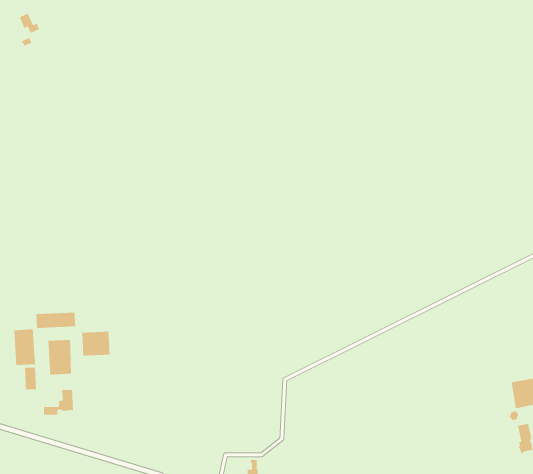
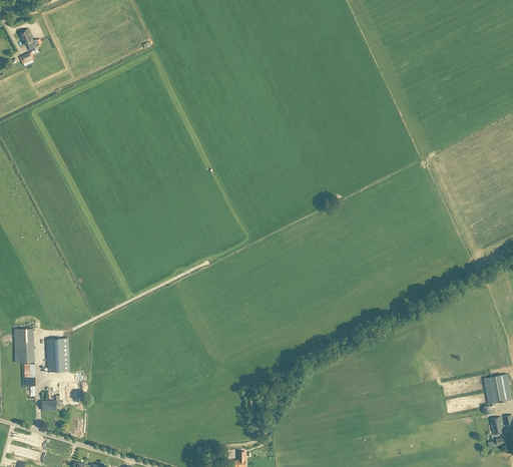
building: [35,312,76,329] -> none
building: [81,331,110,356] -> none

